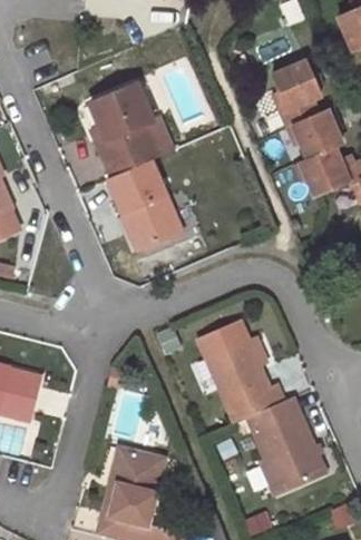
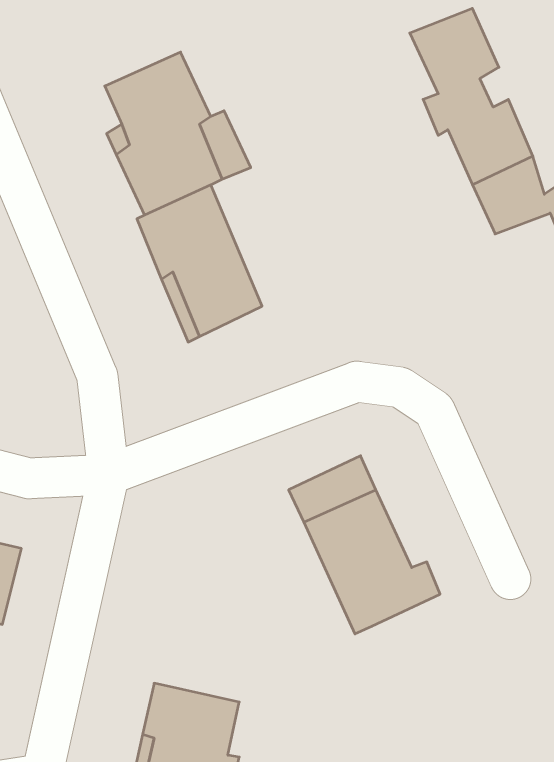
building: [246,399,328,493] -> none

